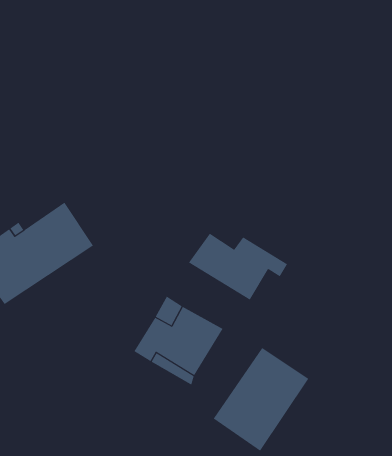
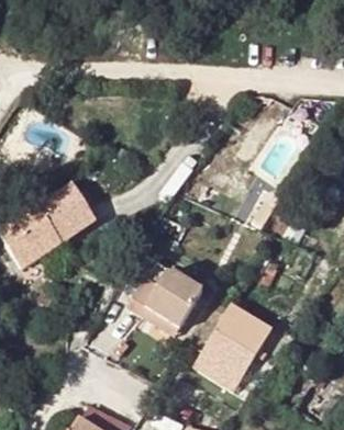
building: [188,233,288,300] -> none

